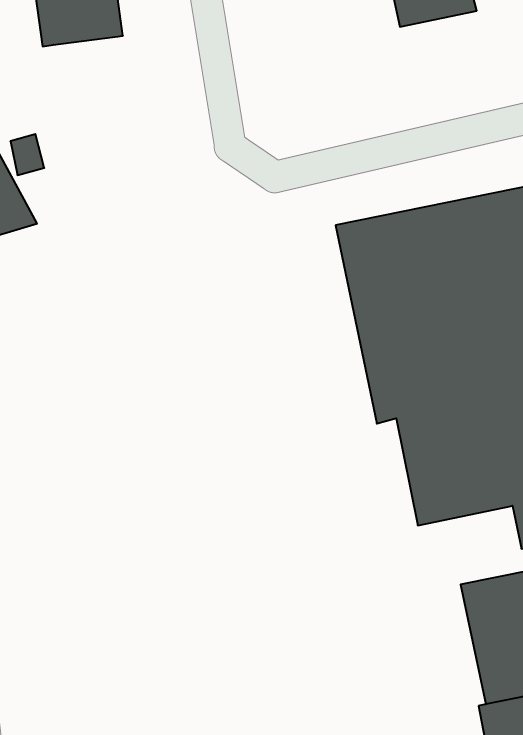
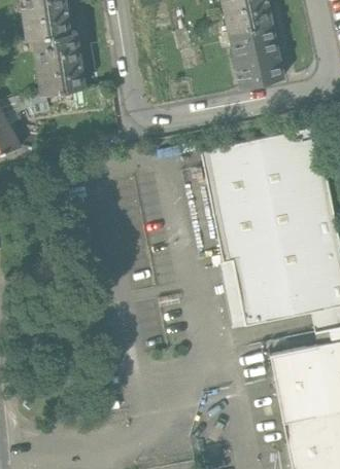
building: none -> [233,24,288,86]
building: none -> [33,37,87,100]

